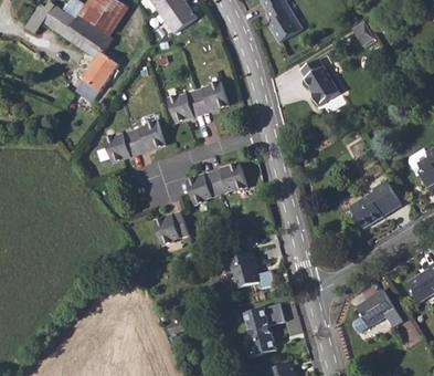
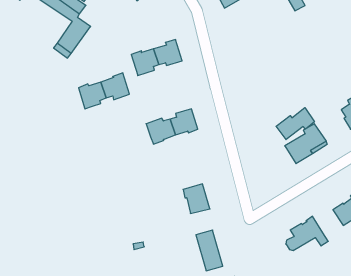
building: [301,59,339,105] -> none
building: none -> [276,108,314,140]
building: [152,213,188,244] -> none

